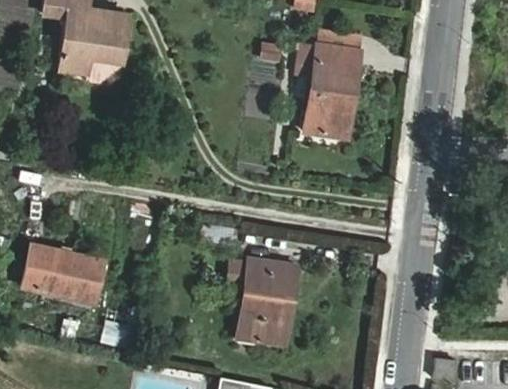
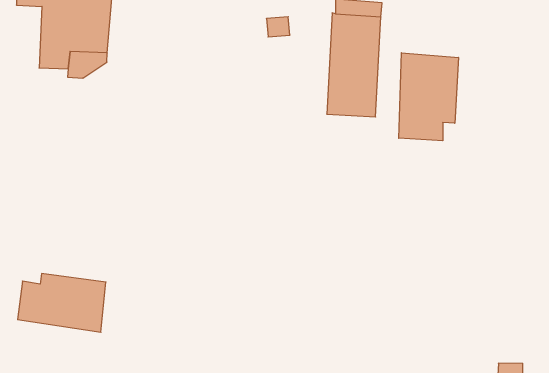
building: none -> [399,53,458,141]
building: [237,258,297,344] -> none

